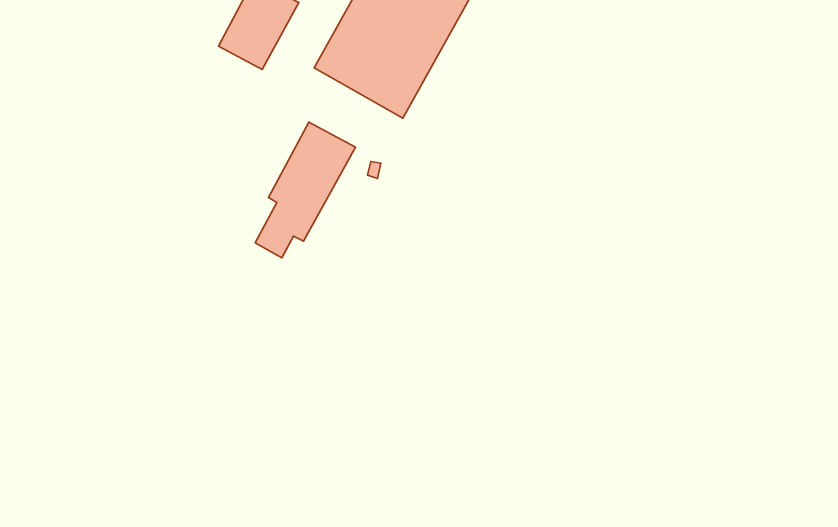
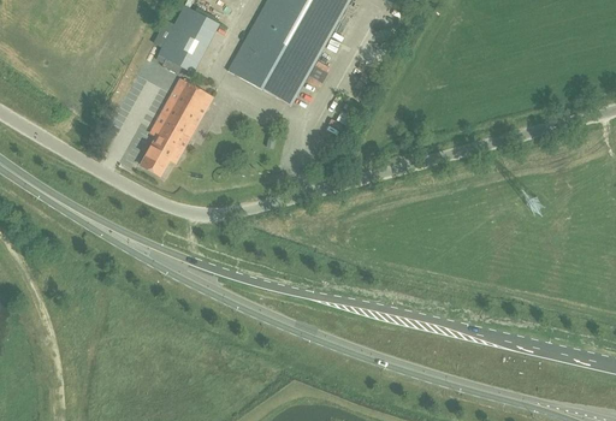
building: [255,122,356,258] -> [140,79,212,177]

